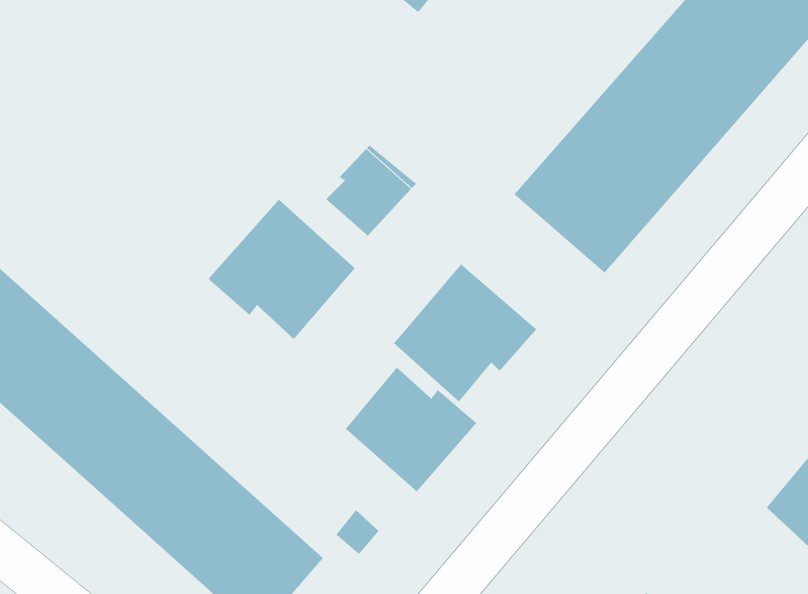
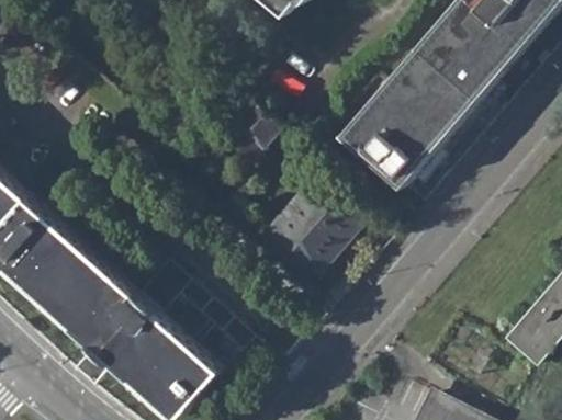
building: [207,199,355,340] -> none
building: [345,367,477,492] -> none

